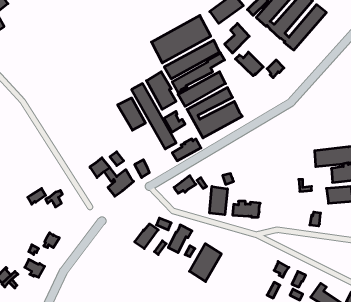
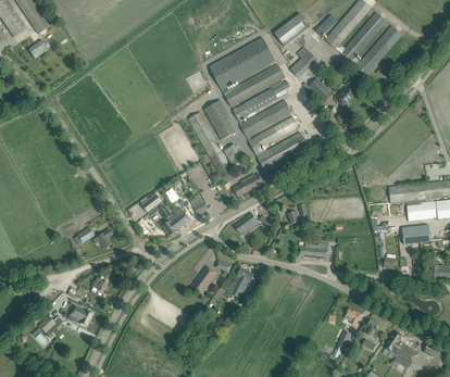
building: [118,98,145,130] -> none
building: [210,186,227,215] -> none
building: [189,244,221,282] -> none

